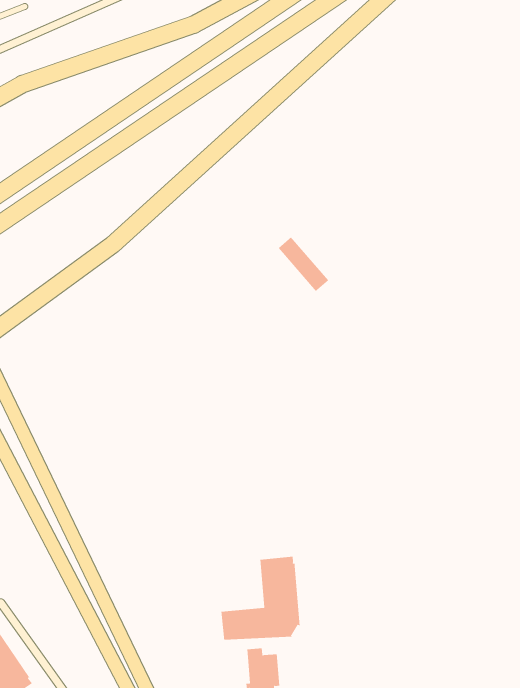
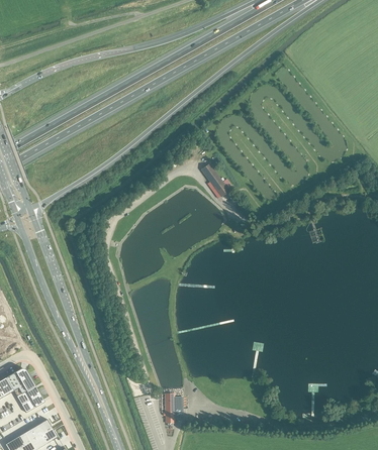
building: [221,556,300,640] -> none

